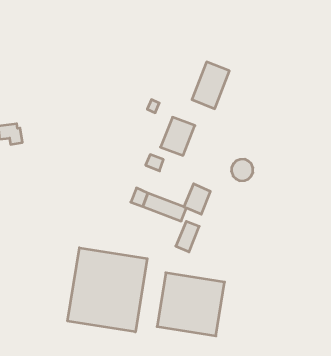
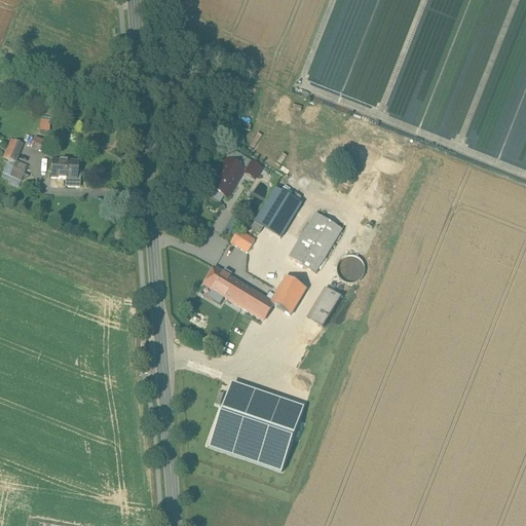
building: [192,62,229,109] -> [289,210,342,270]
building: none -> [211,156,245,194]
building: [176,221,199,252] -> [307,286,341,325]
building: [68,248,147,332] -> none

